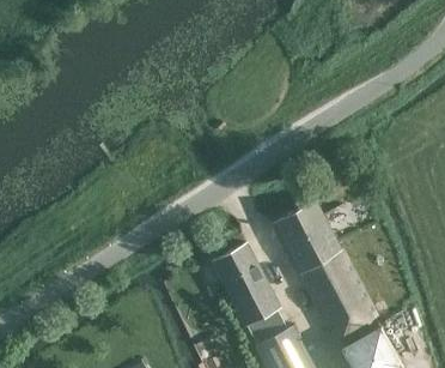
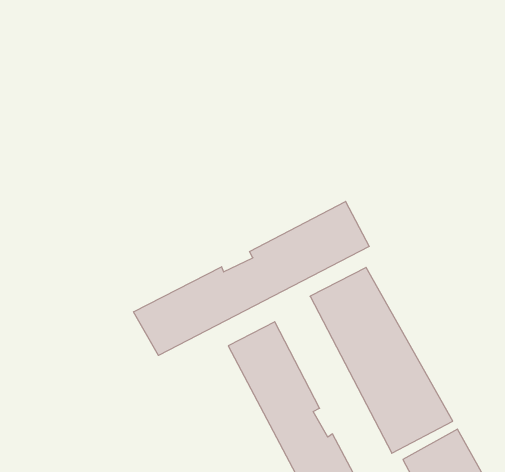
building: none -> [134,201,369,355]

